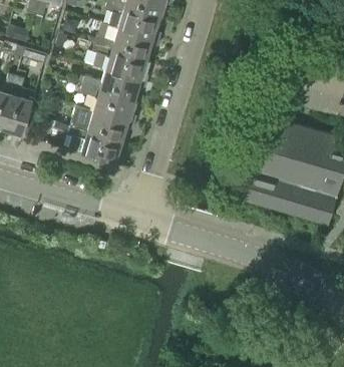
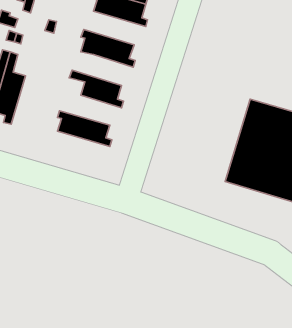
building: [94,23,158,59] -> none
building: [82,69,145,101] -> none
building: [69,111,133,142] -> none

